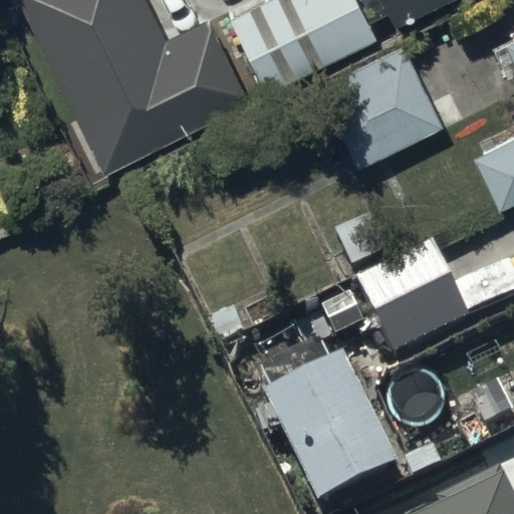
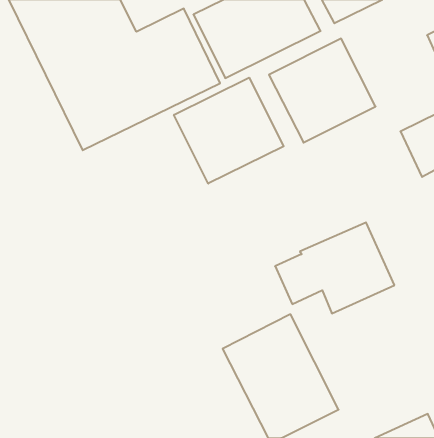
building: none -> [174,78,284,184]

